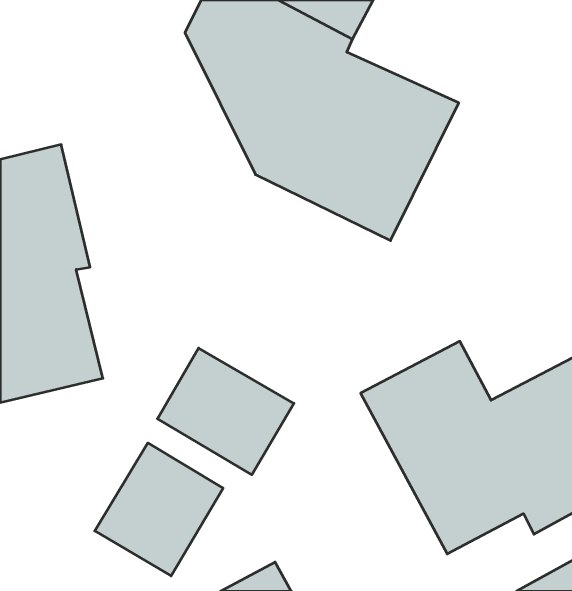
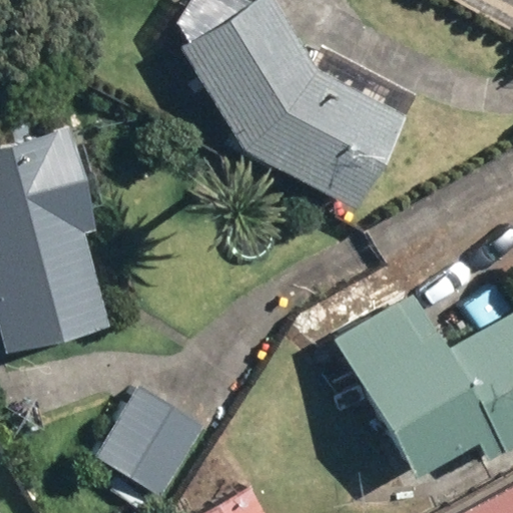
building: [157,348,294,475] -> none

